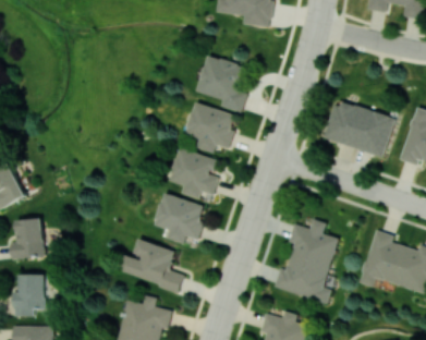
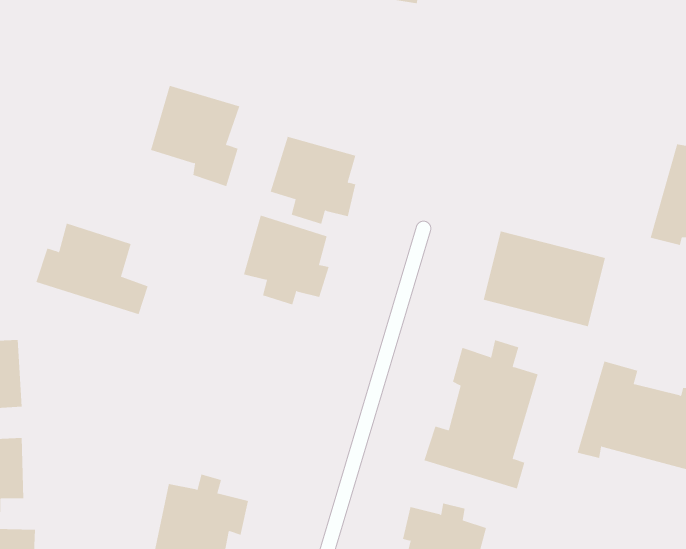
building: [196,54,247,112] -> [150,85,240,187]
building: [324,100,393,155] -> [483,231,606,327]
building: [154,193,205,243] -> none
building: [120,239,184,291] -> [35,223,149,315]

